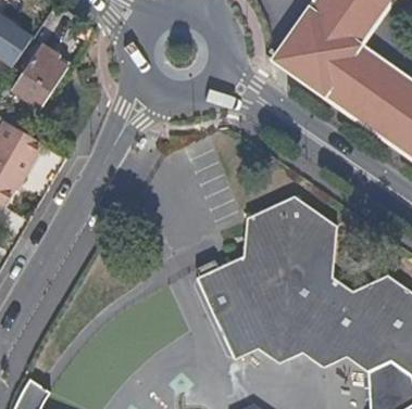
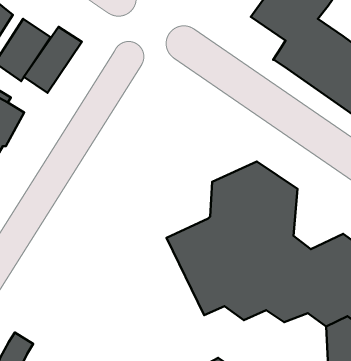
building: [272,41,323,87] -> none
building: none -> [24,27,82,93]

